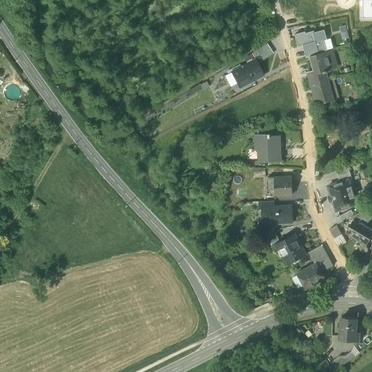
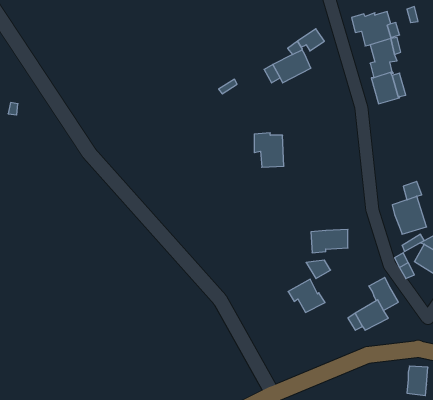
building: [256,134,280,162] -> [254,133,284,167]
building: [268,176,292,195] -> none
building: [275,235,305,262] -> [288,279,325,312]

